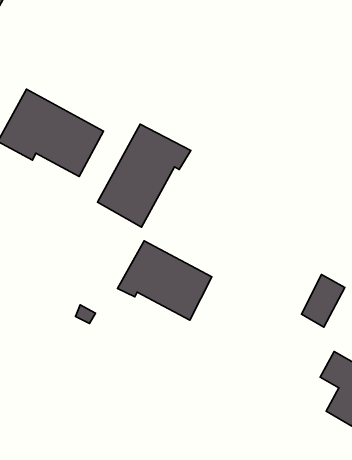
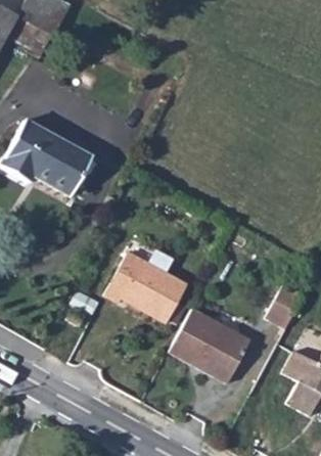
building: [98,124,191,227] -> none
building: none -> [170,310,250,383]

